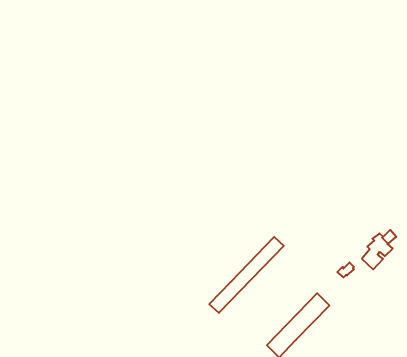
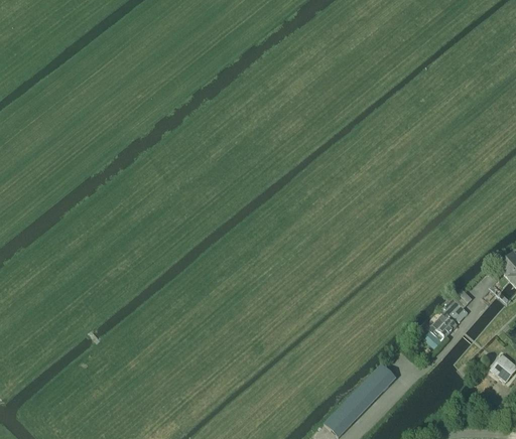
building: [209,237,284,313] -> none

